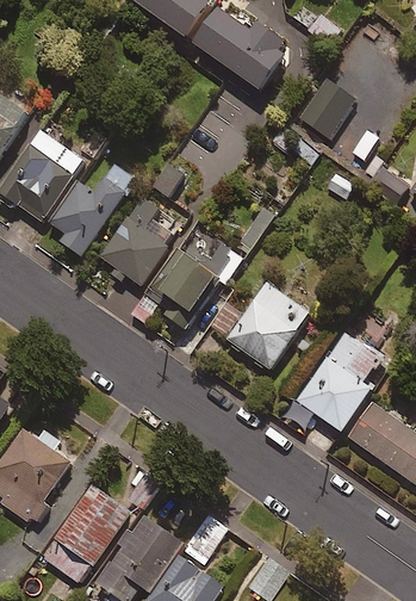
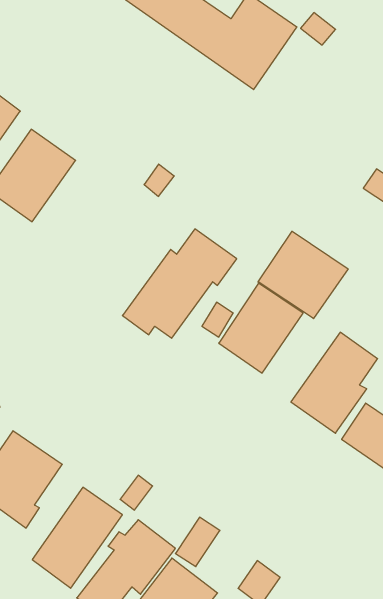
building: [296,78,355,141] -> none
building: [49,161,137,255] -> none
building: [99,197,168,285] -> none
building: none -> [258,231,348,319]

